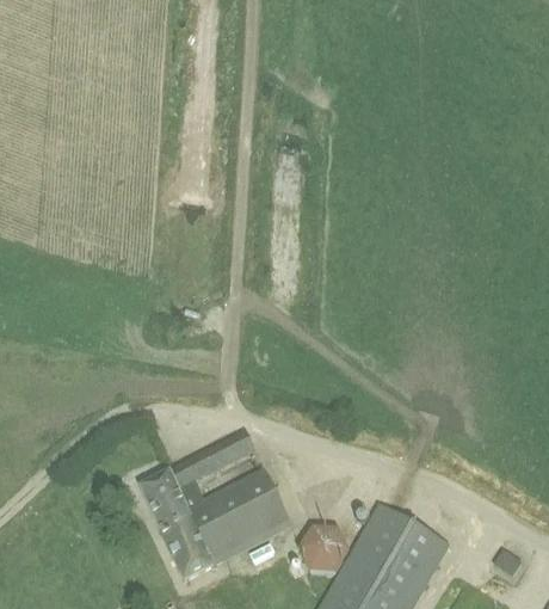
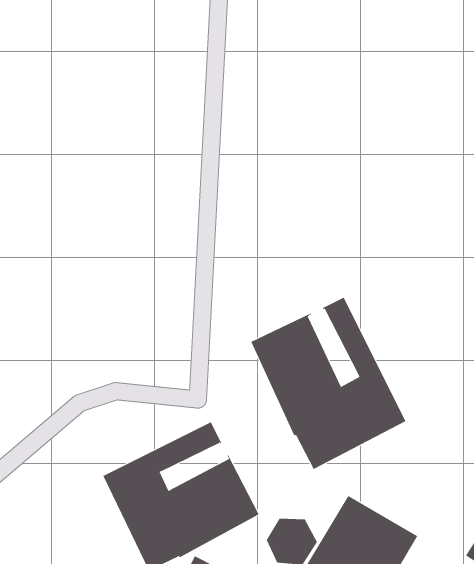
building: none -> [250,297,406,470]

